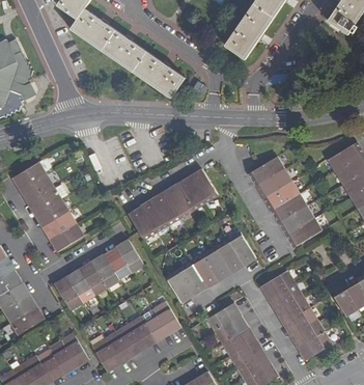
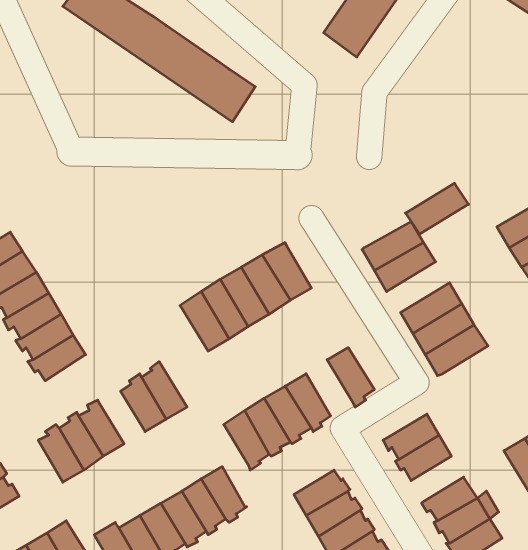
building: [261,181,299,211] -> [405,183,469,234]
building: [127,207,156,242] -> none
building: [214,239,242,274] -> none
building: [91,254,118,288] -> none
building: [274,296,307,323] -> none

